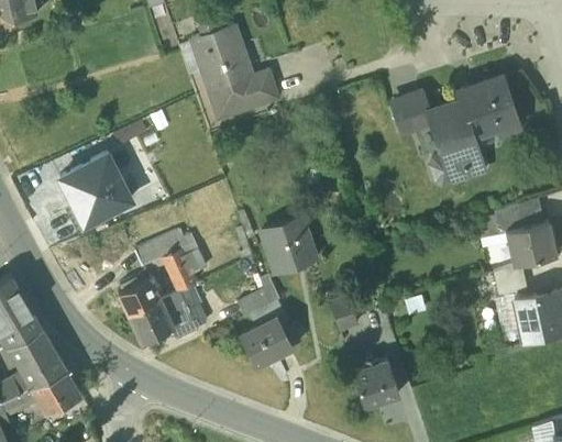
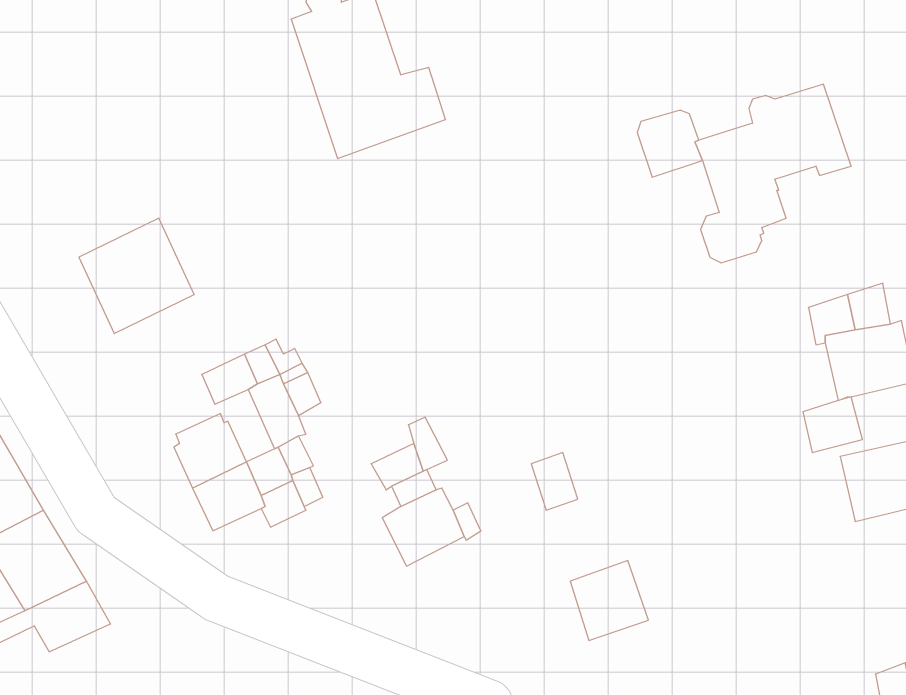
building: [262,219,316,275] -> none

